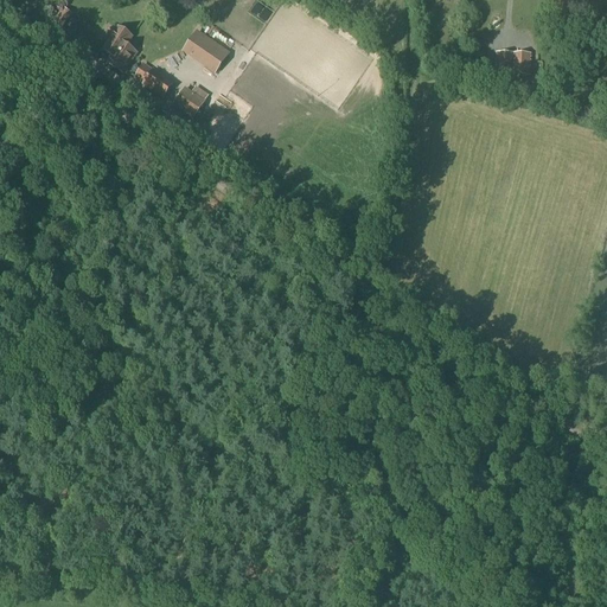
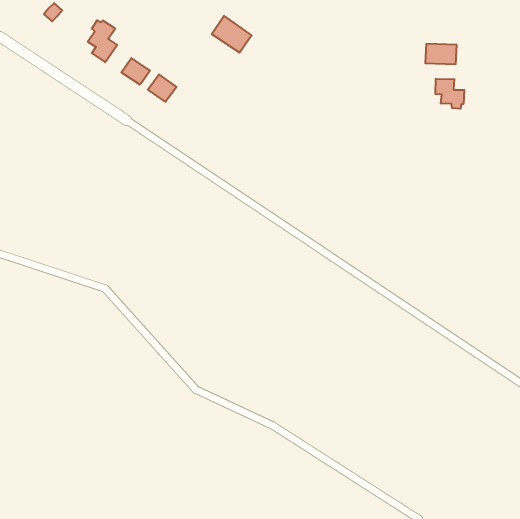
building: [184,28,230,71] -> [212,16,252,53]
building: none -> [435,79,464,109]

